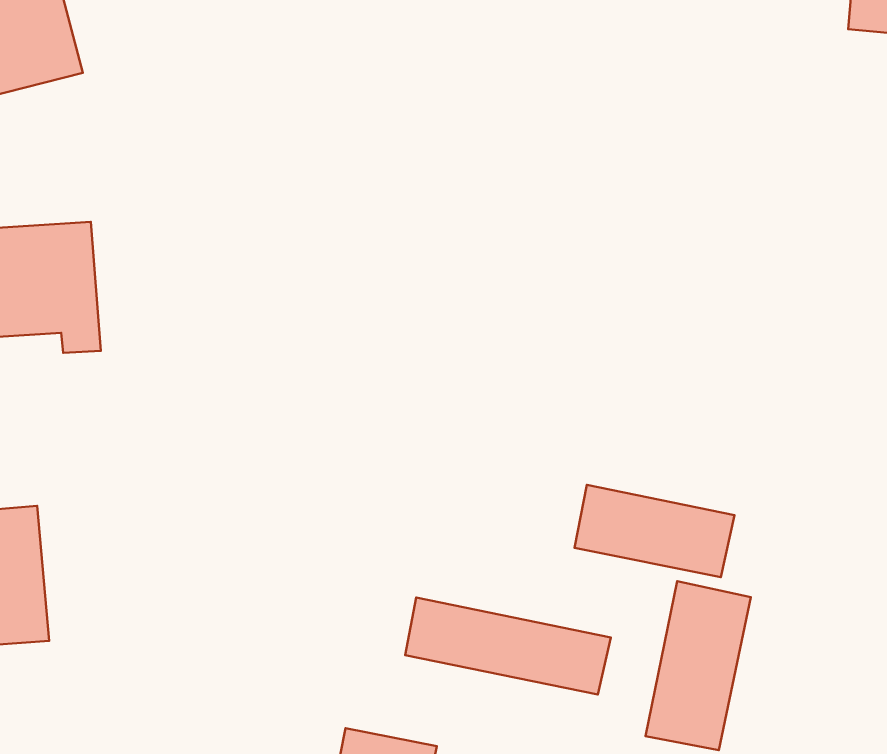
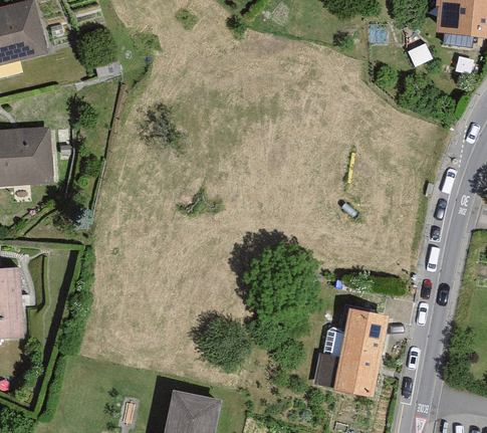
building: [575,485,735,577] -> none
building: [405,598,611,694] -> none

